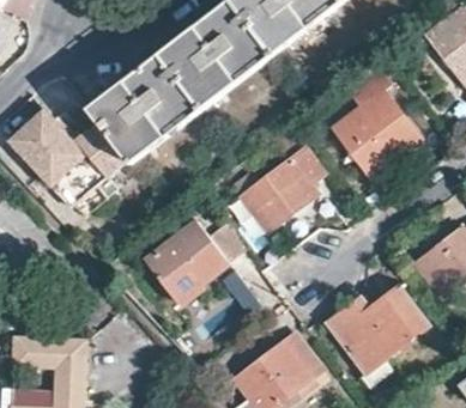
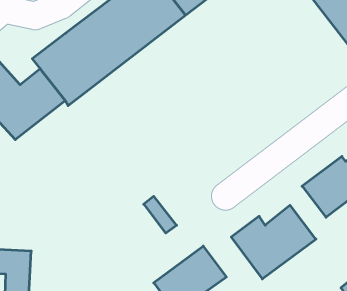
building: [333,69,419,176] -> none
building: [240,148,321,230] -> none
building: [143,219,226,300] -> none

